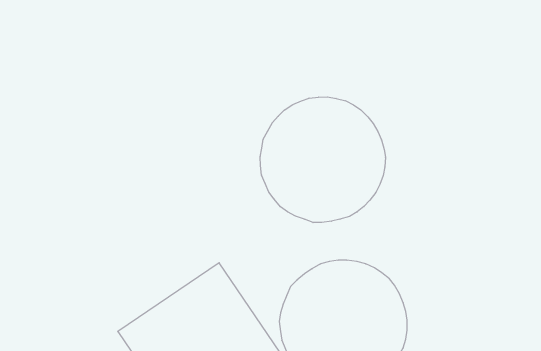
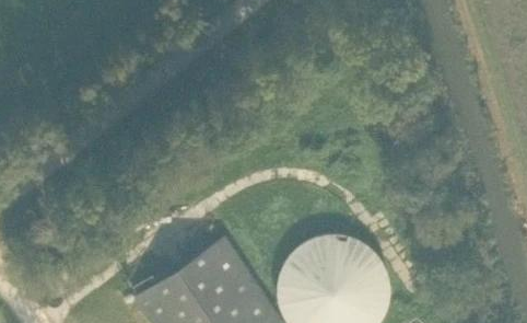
building: [260,97,385,223] -> none

